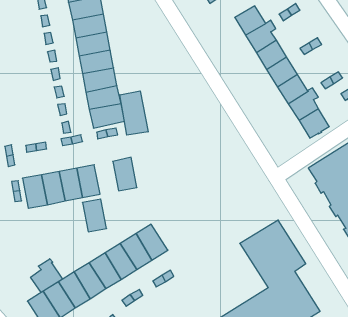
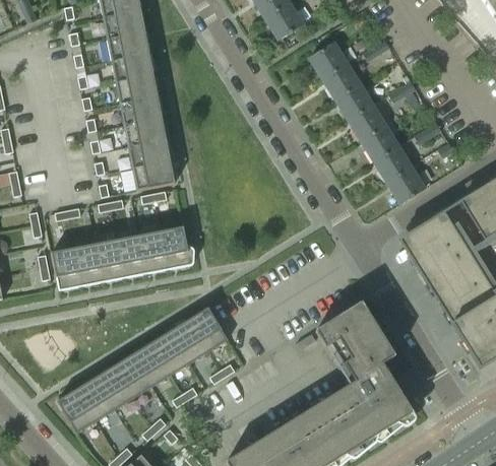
building: [120,91,148,135] -> none
building: [82,199,107,232] -> [138,231,168,271]
building: [31,259,62,292] -> none

